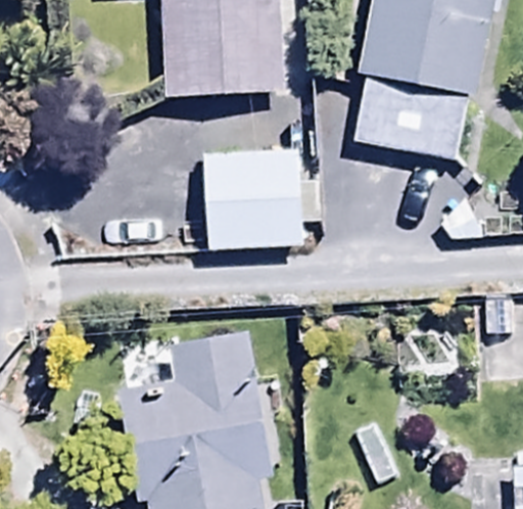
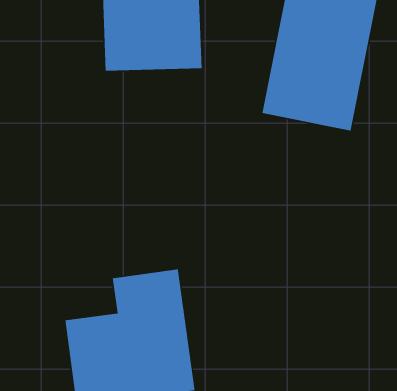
building: [201,121,300,217] -> none

